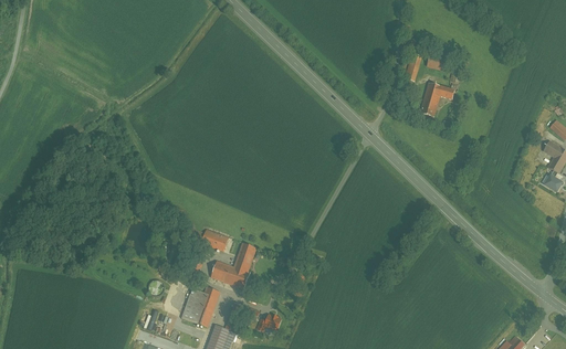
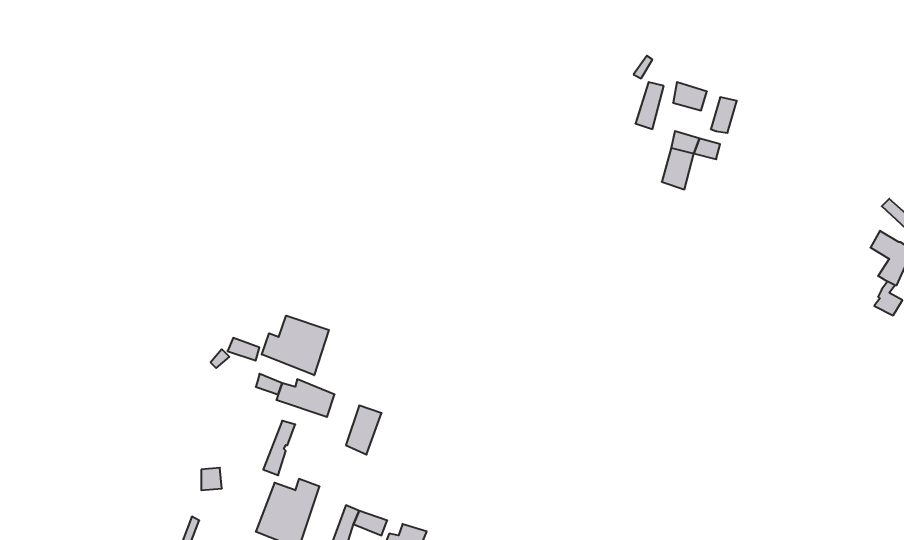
building: none -> [262,316,329,375]
building: [211,262,250,289] -> none

